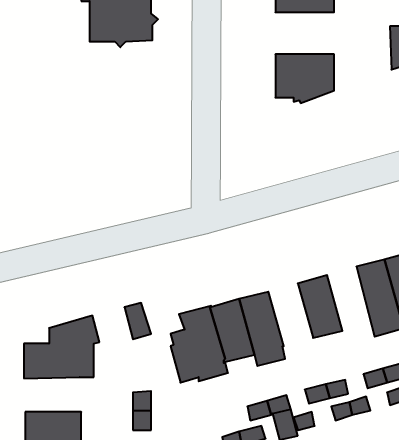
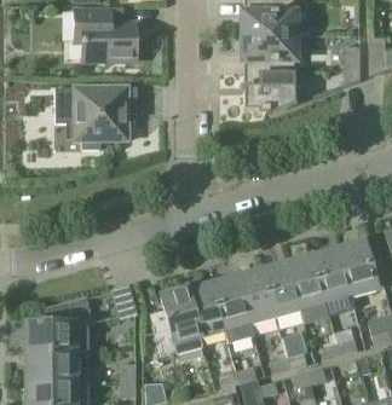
building: none -> [243,34,294,70]
building: none -> [54,85,137,147]
building: none -> [288,254,329,322]
building: none -> [237,268,276,323]
building: none -> [25,349,87,380]

